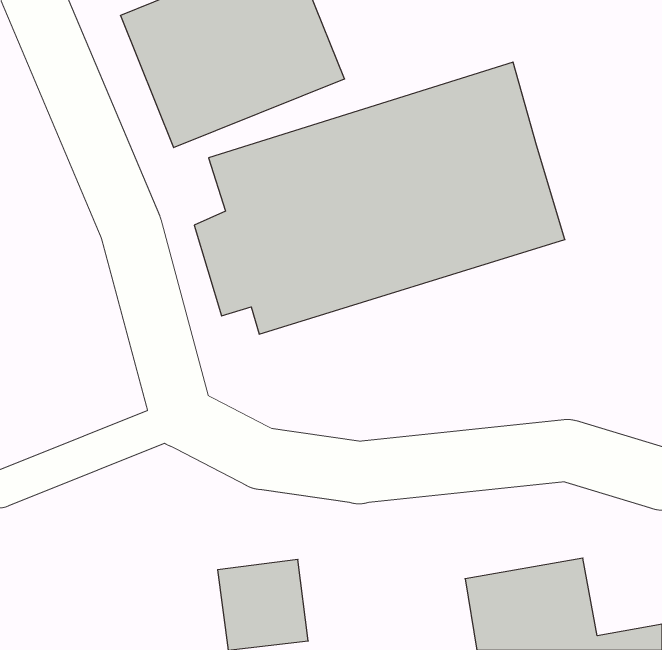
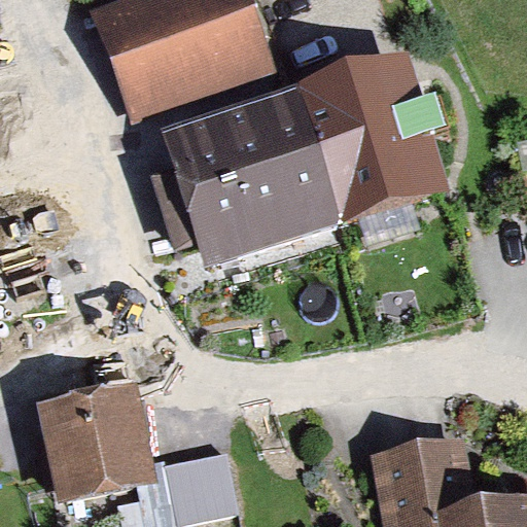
building: none -> [35,389,153,504]

